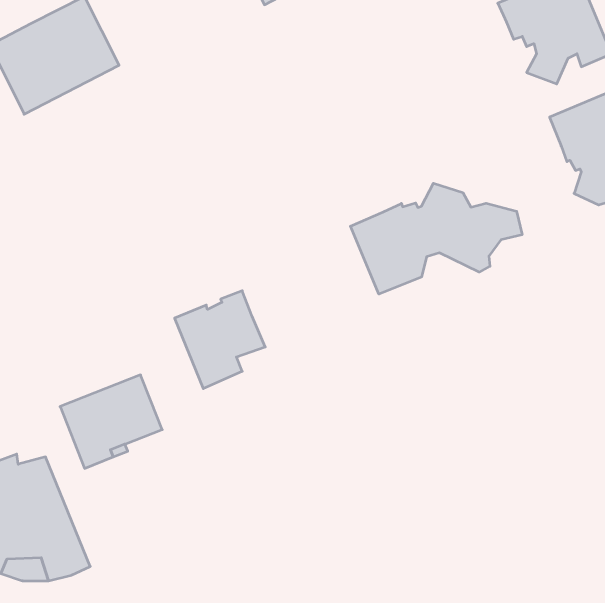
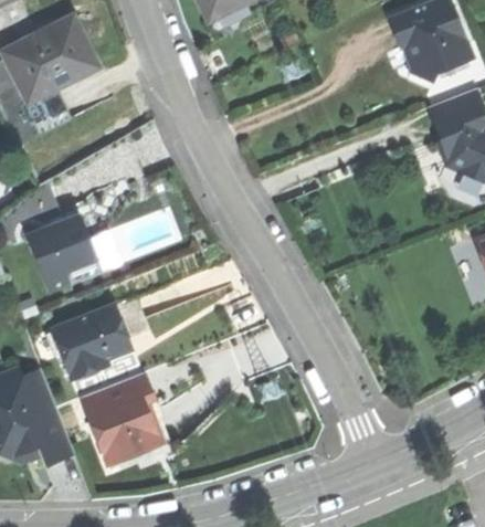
building: [350,183,522,294] -> none
building: [175,291,265,389] -> [29,217,98,292]
building: none -> [82,372,161,463]

